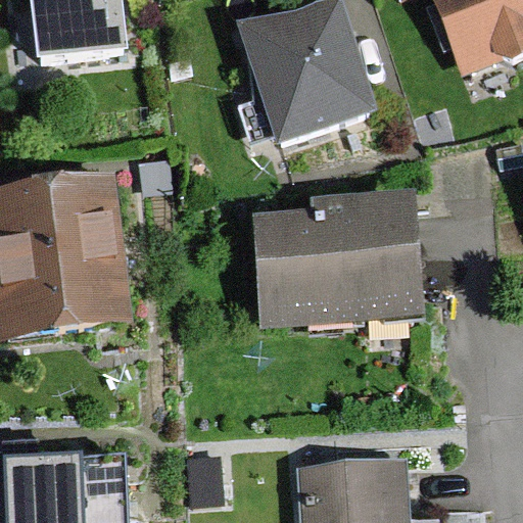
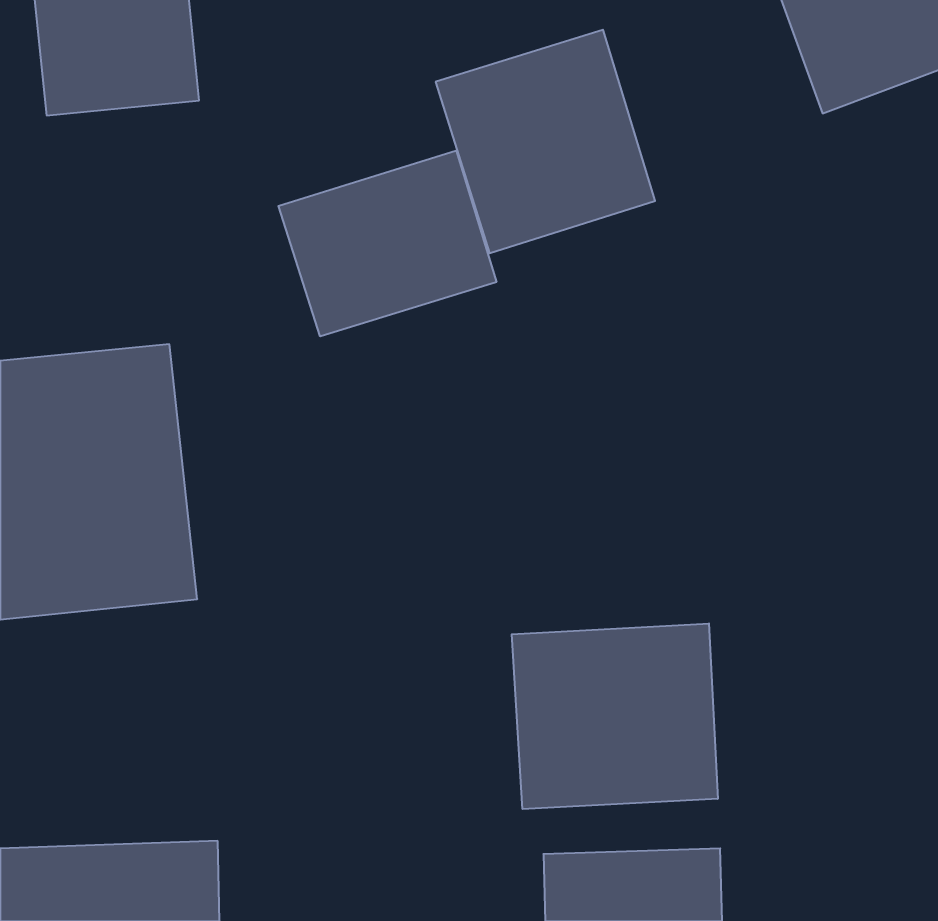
building: none -> [278,151,496,336]
building: [260,220,410,321] -> none
building: none -> [512,623,718,809]

